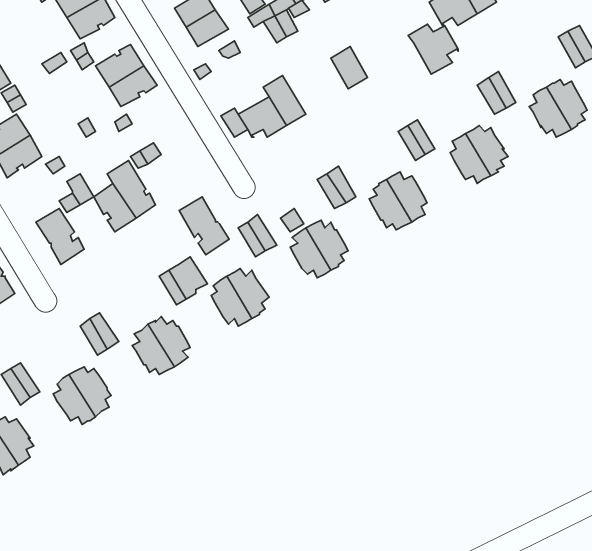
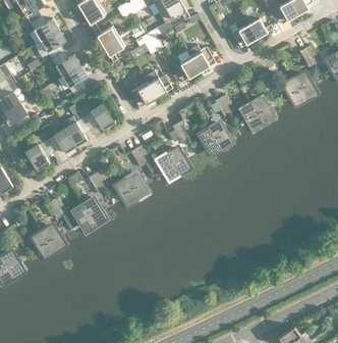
building: [408,24,458,74] -> [186,45,213,71]
building: [179,197,229,255] -> [89,99,115,130]

